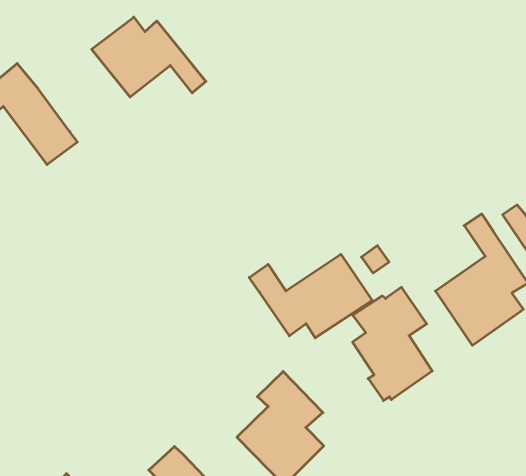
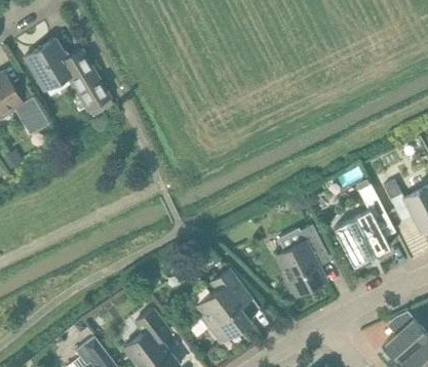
building: [92,17,206,97] -> none
building: [249,254,372,338] -> none

